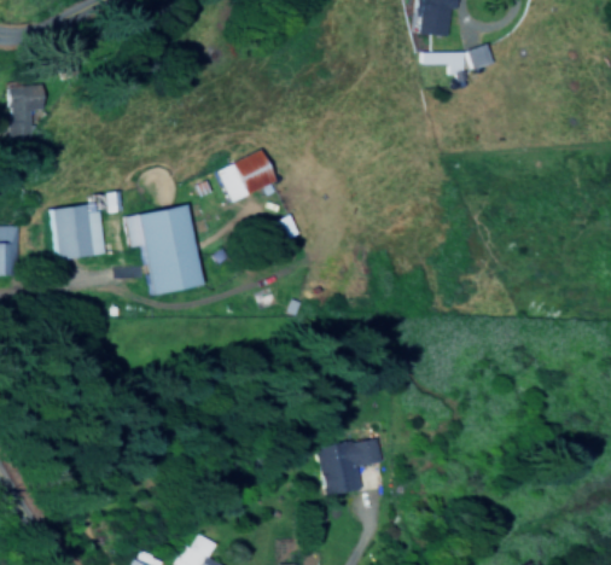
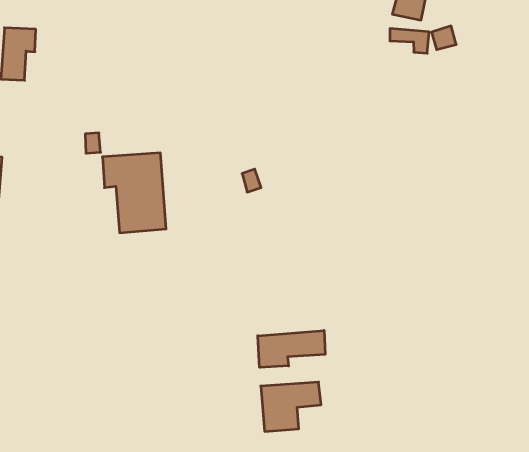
building: [215,148,275,203] -> none
building: [51,203,104,260] -> none
building: none -> [258,330,325,367]

